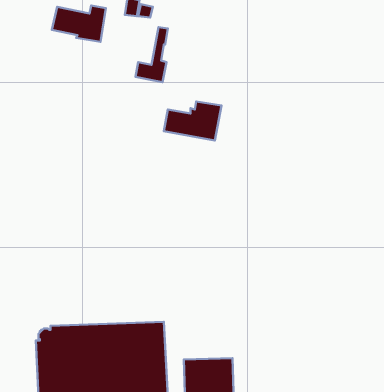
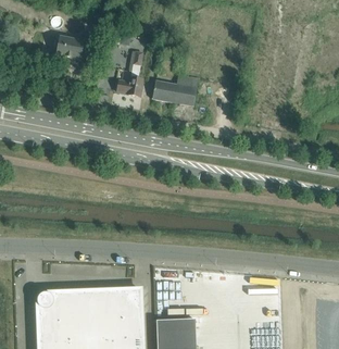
building: [164,102,222,141] -> [152,74,199,105]

